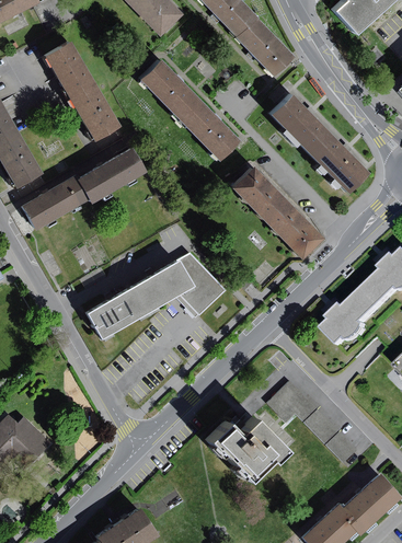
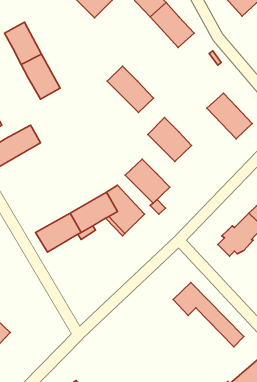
building: [140,58,197,117] -> none
building: [269,93,329,152] -> none
building: [80,148,146,200] -> none
building: [265,200,323,257] -> [125,159,170,203]
building: [204,418,282,480] -> none

